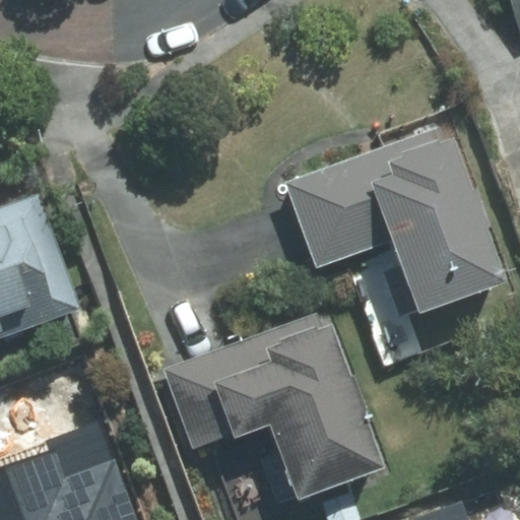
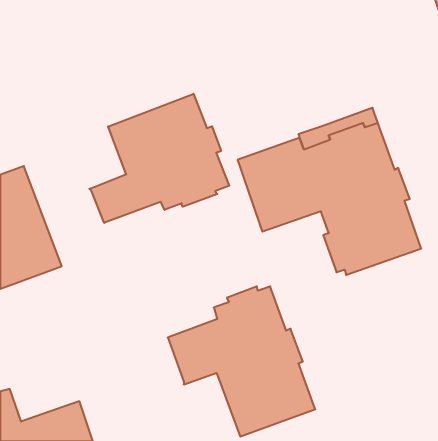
building: none -> [89,94,229,223]
building: [164,309,326,451] -> none

